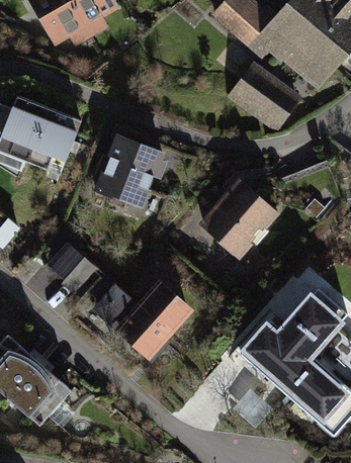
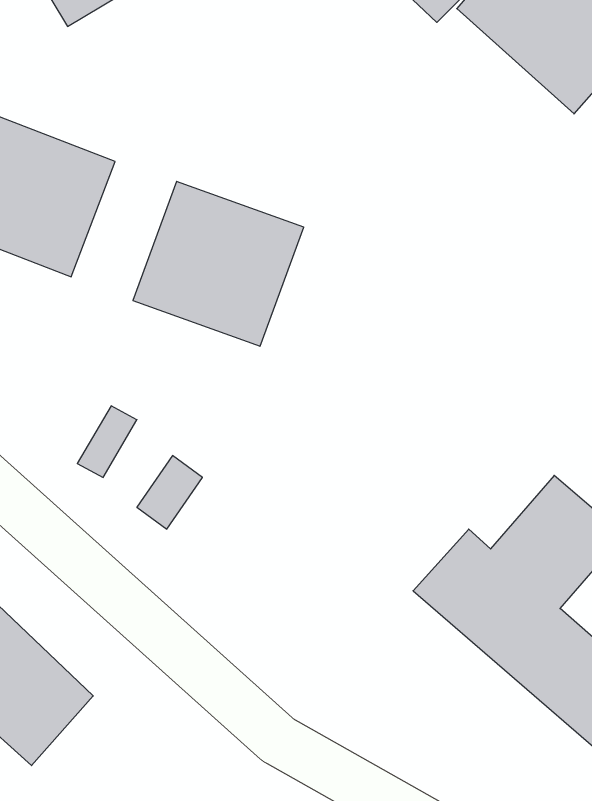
building: [228,62,301,131] -> none
building: [200,179,276,256] -> none
building: [114,281,196,364] -> none

